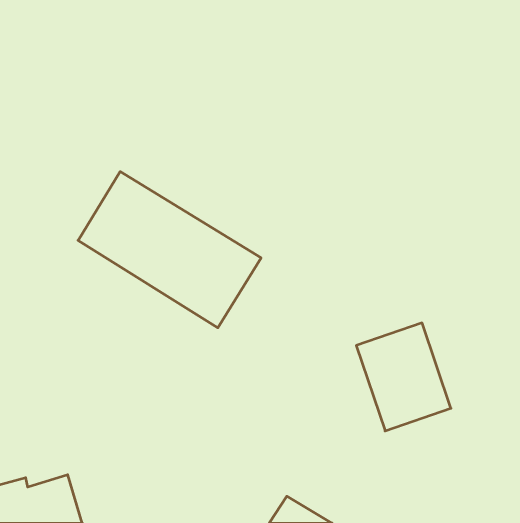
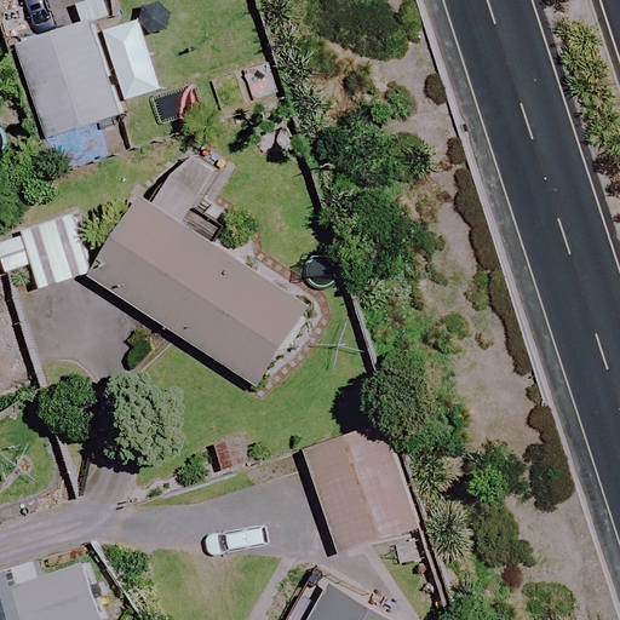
building: none -> [36,21,116,130]
building: [356,323,451,431] -> [303,427,414,555]

